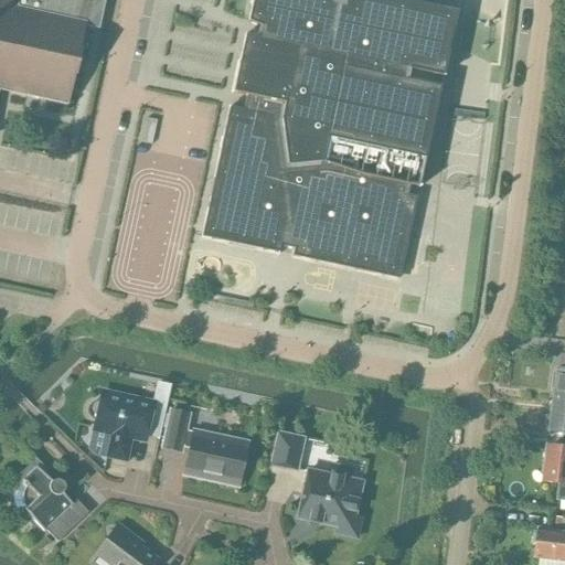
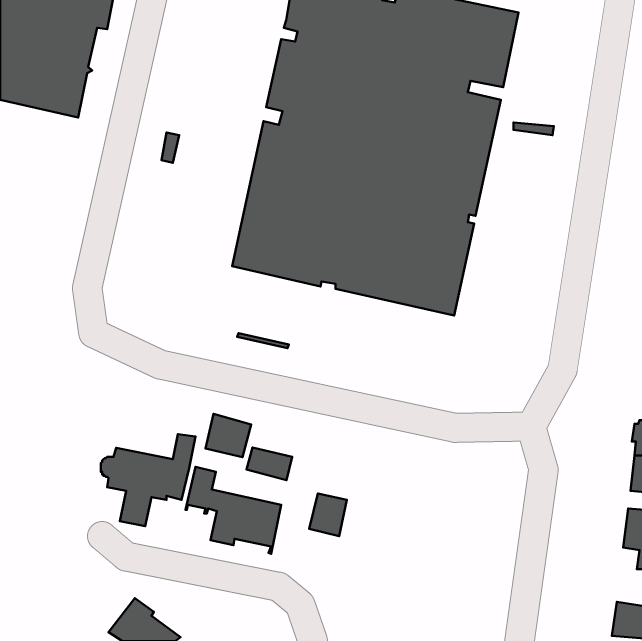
building: none -> [205,414,251,457]
building: none -> [246,448,292,480]
building: [15,454,90,540] -> none
building: [299,462,364,536] -> none

